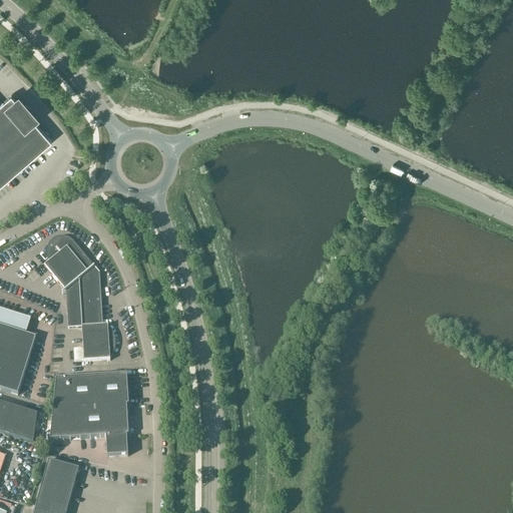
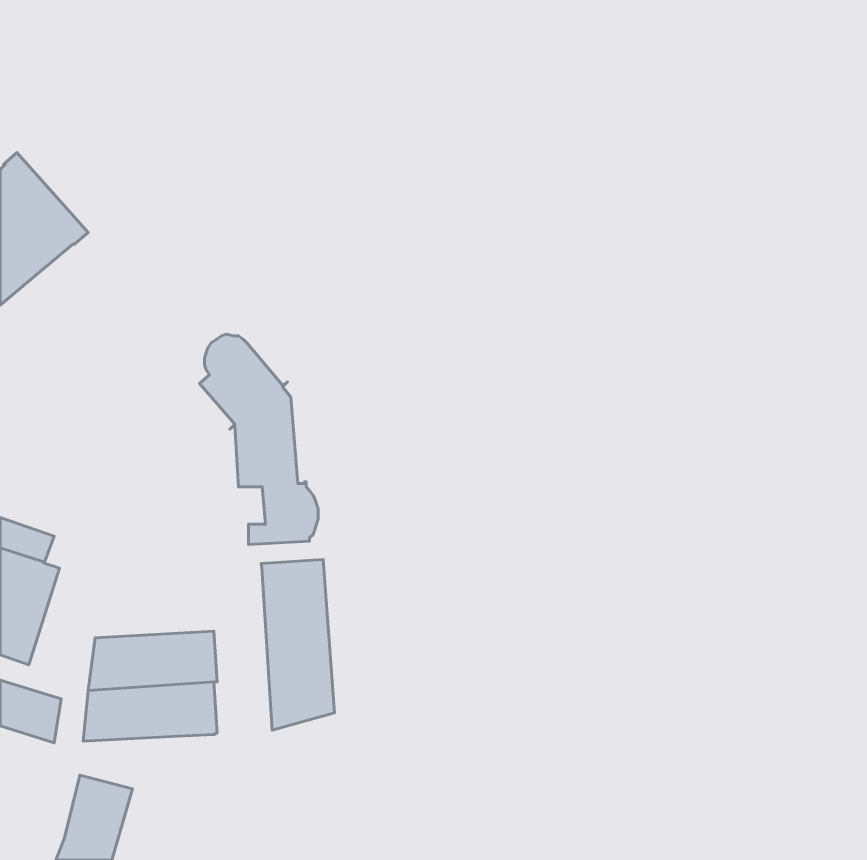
building: [44,234,114,359] -> [199,334,318,545]
building: none -> [261,560,334,730]
building: [105,434,127,455] -> none

